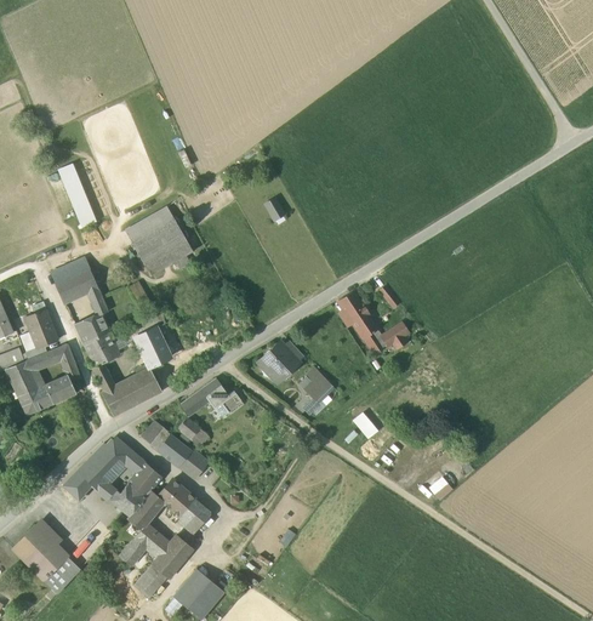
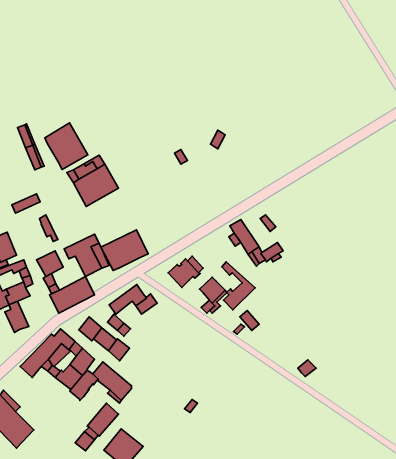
building: none -> [45,123,88,169]
building: [57,269,97,301] -> none
building: none -> [101,230,148,270]
building: [76,313,112,346] -> none
building: none -> [222,262,255,310]
building: none -> [5,301,29,332]
building: [119,526,169,566] -> none

